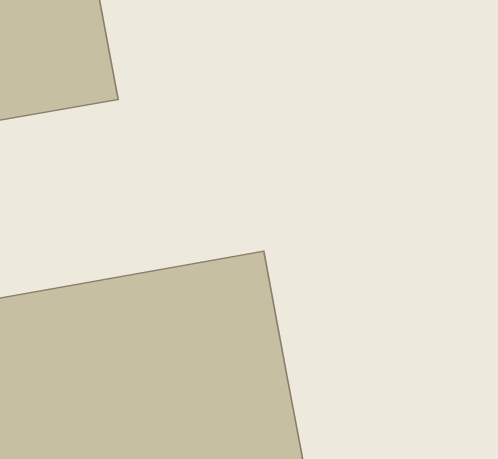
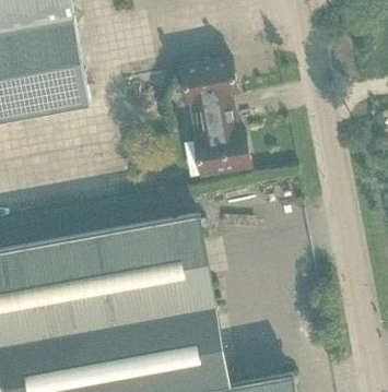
building: none -> [179,60,249,177]

